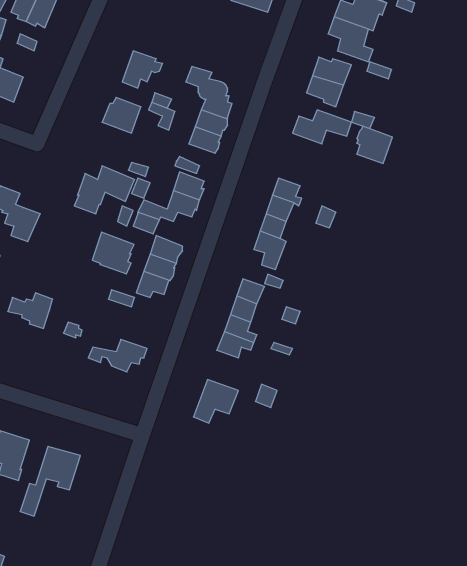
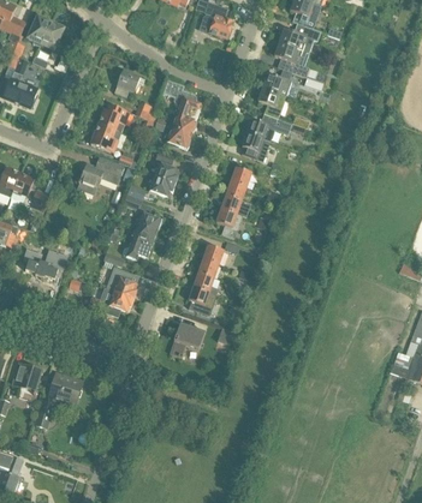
building: none -> [90,124,121,152]
building: [357,126,392,163] -> [242,132,269,161]
building: [92,232,134,274] -> [107,267,139,299]

